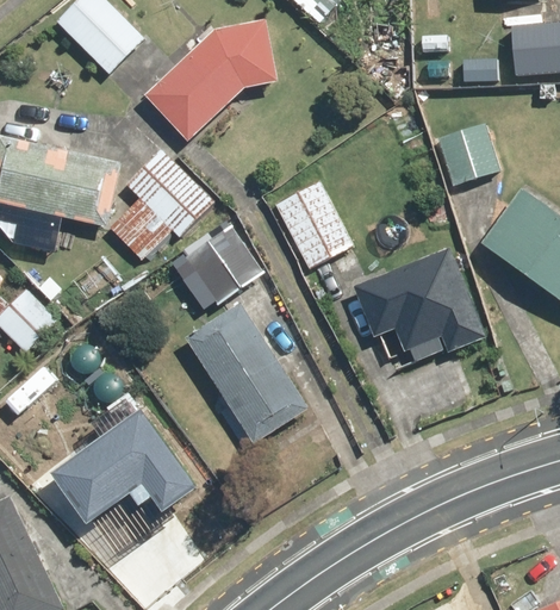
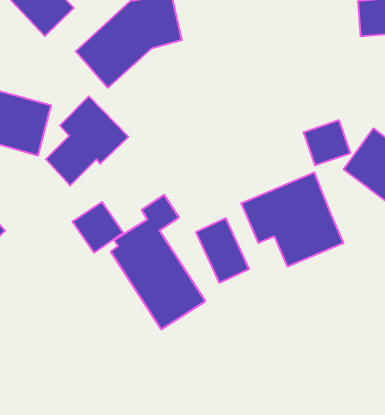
building: [437,125,497,182] -> [303,120,350,165]
building: [280,181,348,263] -> [196,218,249,283]
building: [192,234,256,298] -> [73,202,123,253]
building: [55,407,199,523] -> none

